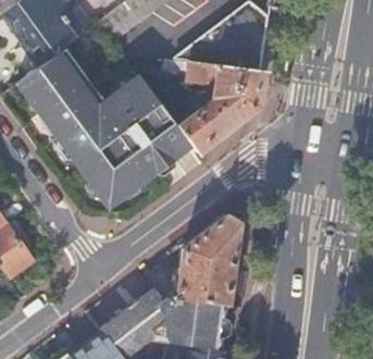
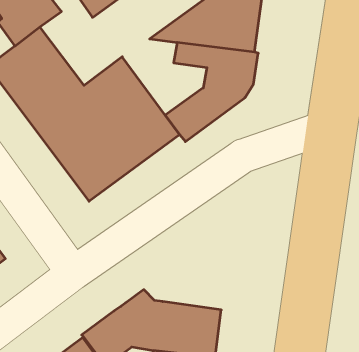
building: [176,218,240,306] -> none

